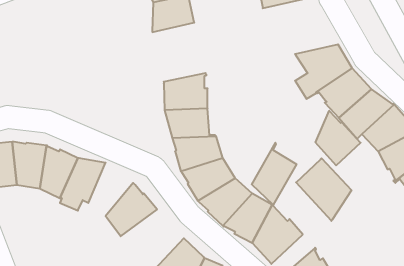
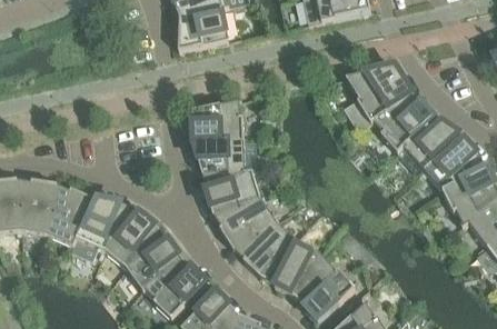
building: [316,111,361,165] -> none
building: [252,143,296,205] -> none
building: [296,158,351,221] -> none
building: none -> [103,202,156,265]
building: none -> [141,257,206,318]

